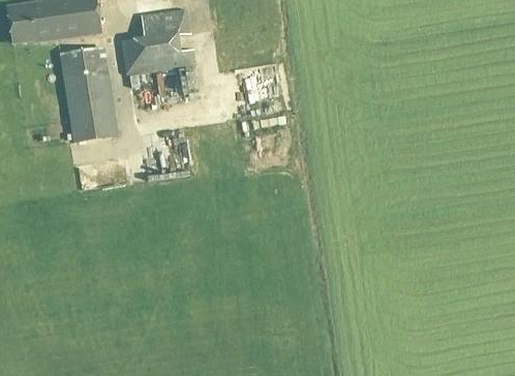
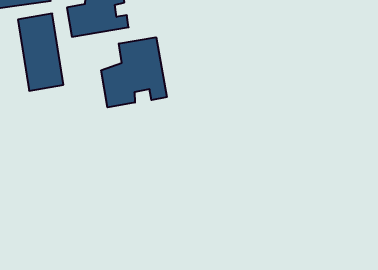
building: none -> [101,37,167,107]

